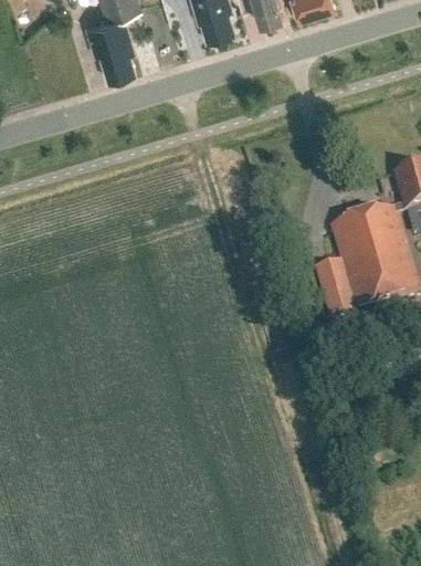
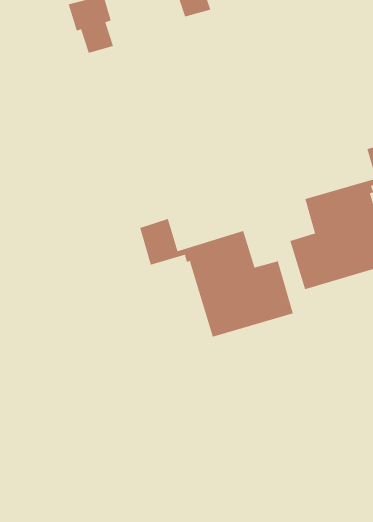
building: none -> [140,218,293,338]

